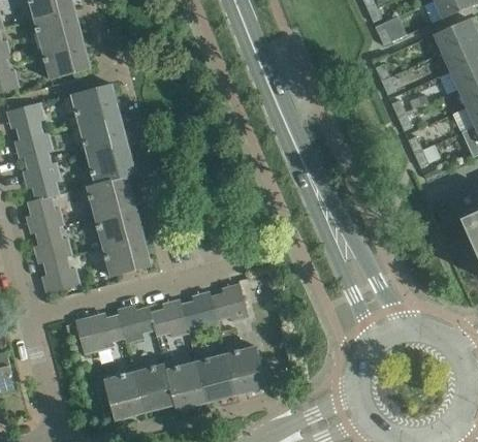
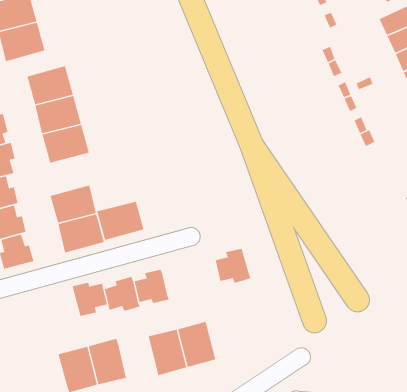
building: [86,176,135,217] -> [96,201,144,241]
building: [211,284,248,321] -> [215,248,251,284]
building: [74,313,124,353] -> none
building: [165,361,205,411] -> none

